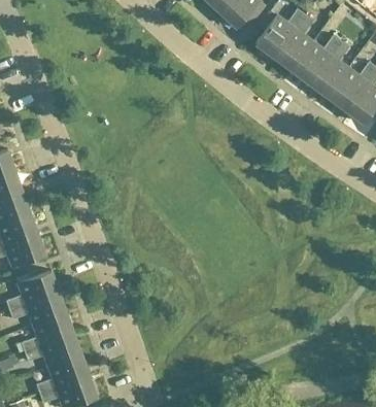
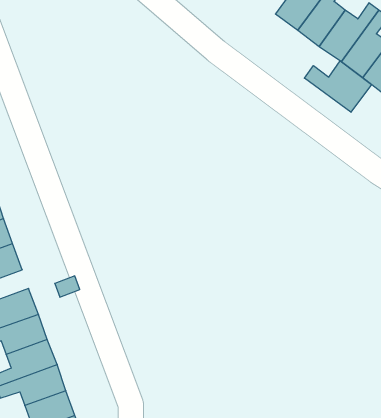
building: none -> [304,61,372,112]

